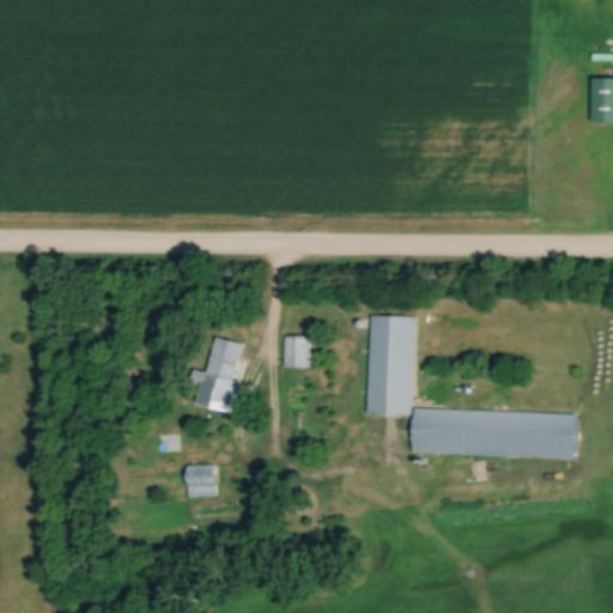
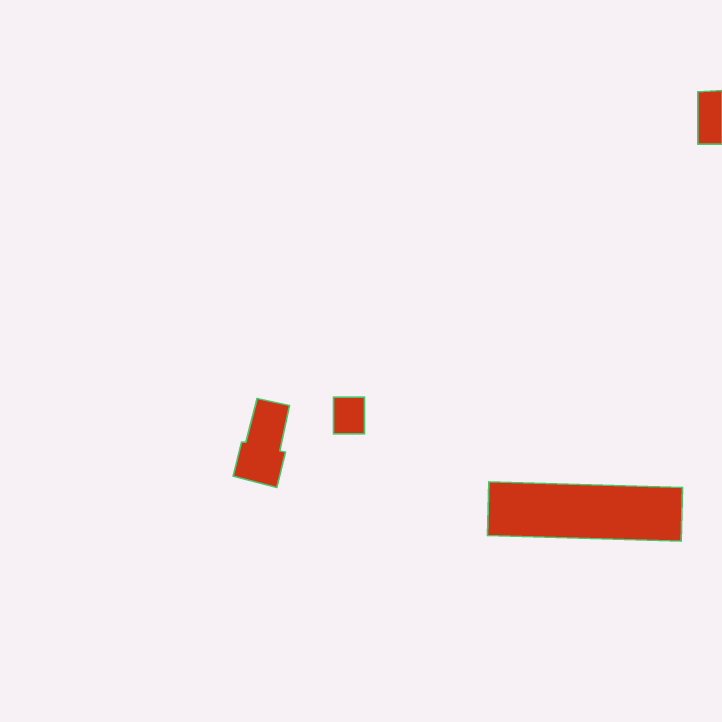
building: [368,316,412,414] -> none
building: [186,465,216,497] -> none

